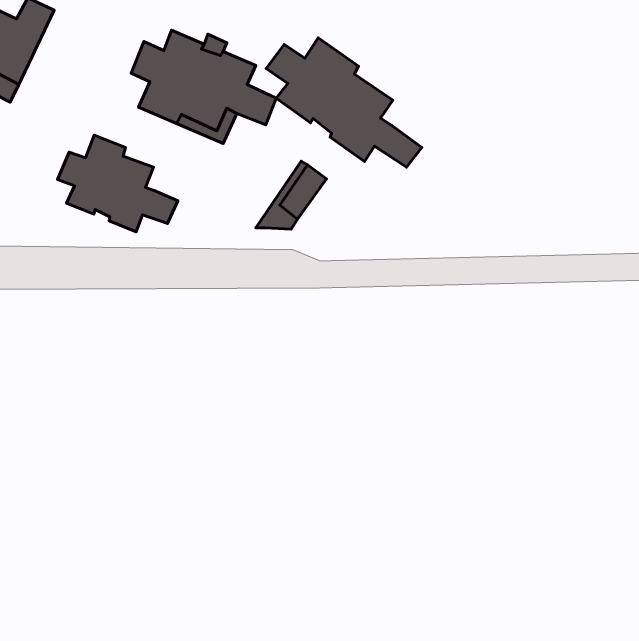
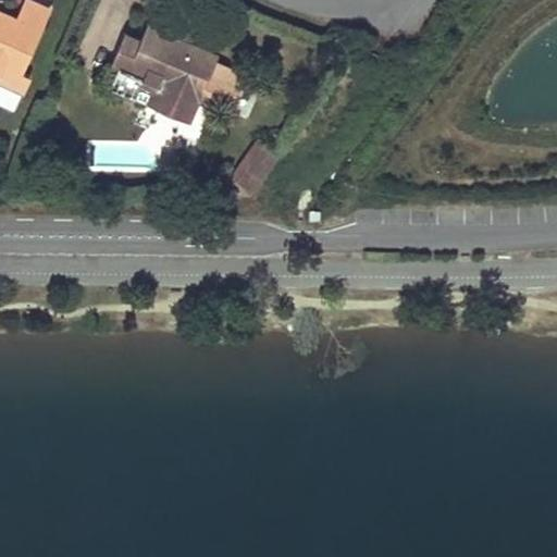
building: [266,38,422,167] -> none
building: [57,135,178,232] -> none

